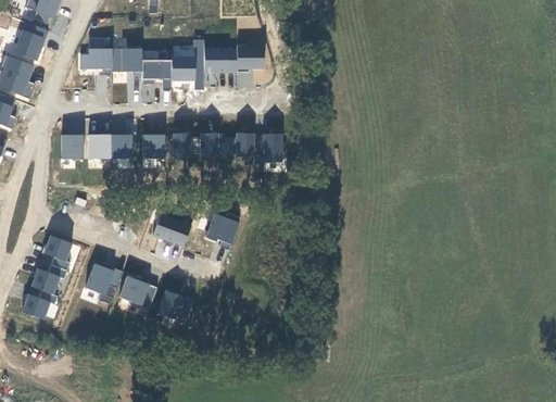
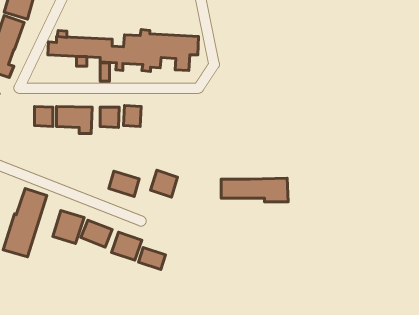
building: [200,133,283,162] -> [221,178,288,202]
building: none -> [138,247,166,270]

